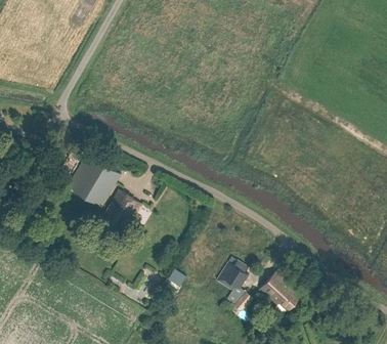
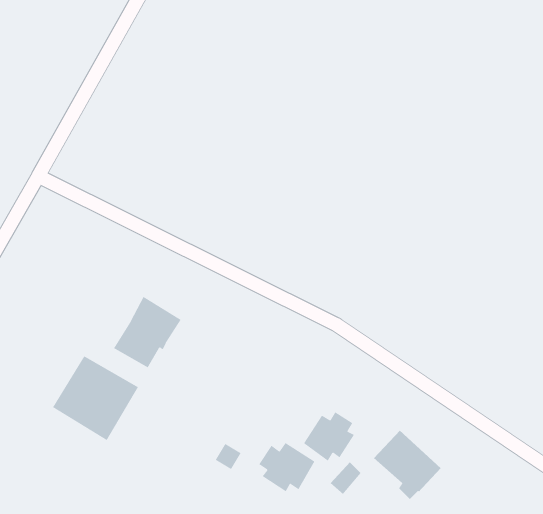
building: [67,155,120,207] -> [52,356,139,441]
building: none -> [259,442,315,492]

